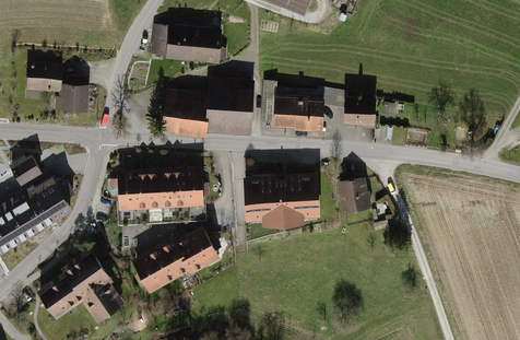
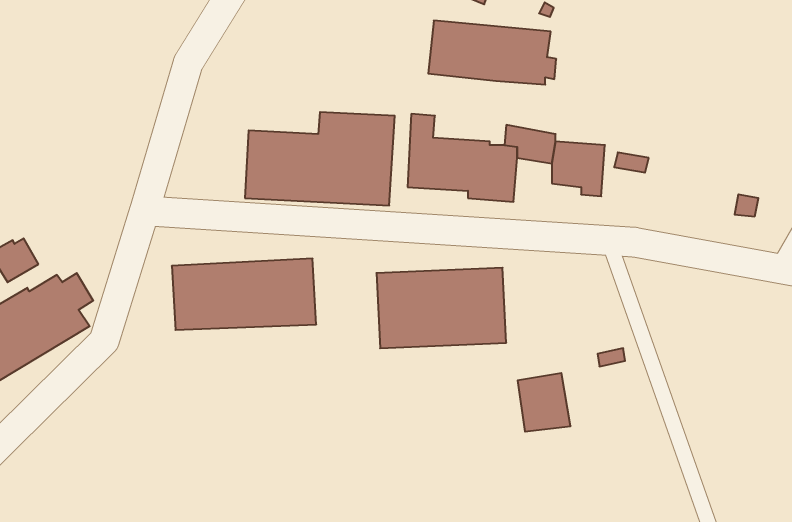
building: [150,25,226,63] -> [428,21,556,85]
building: [24,61,88,113] -> none
building: [336,177,368,212] -> [518,373,571,432]
building: [132,225,222,294] -> none
building: [38,249,120,318] -> none

